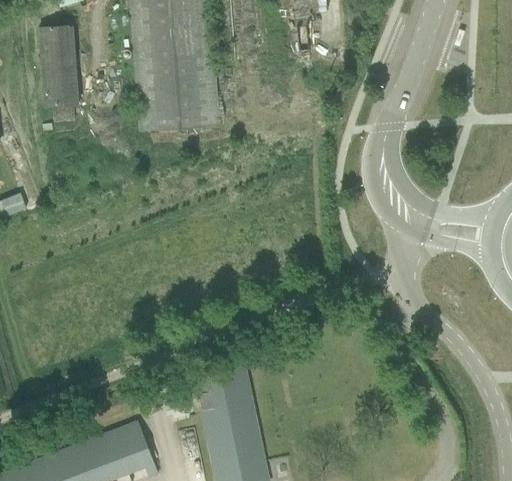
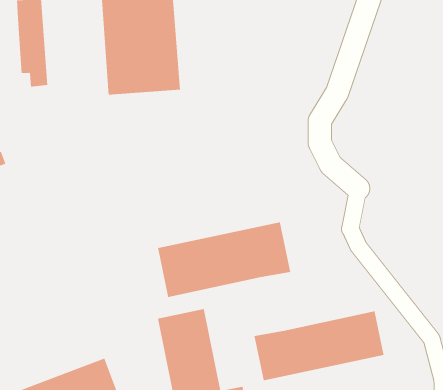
building: none -> [158,221,291,298]
building: none -> [254,311,384,381]

